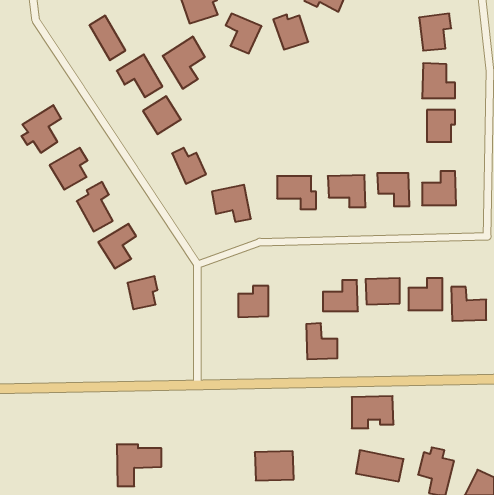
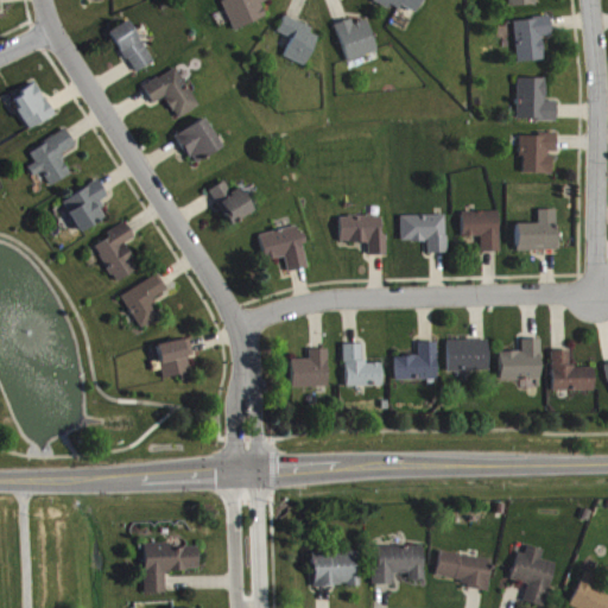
building: [163,36,205,89] -> none
building: none -> [11,84,52,129]
building: [306,323,337,359] -> [343,343,381,387]
building: [352,396,394,428] -> [373,545,424,584]

